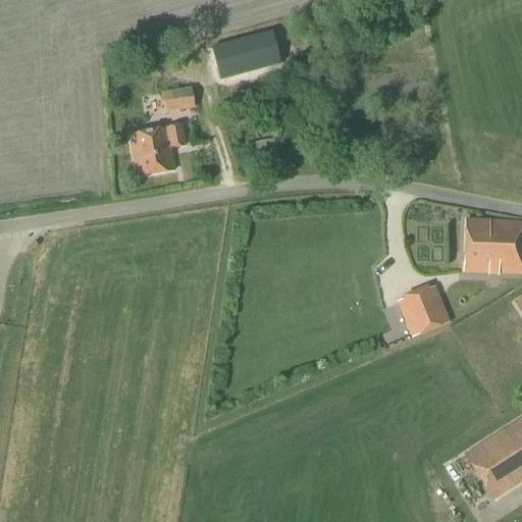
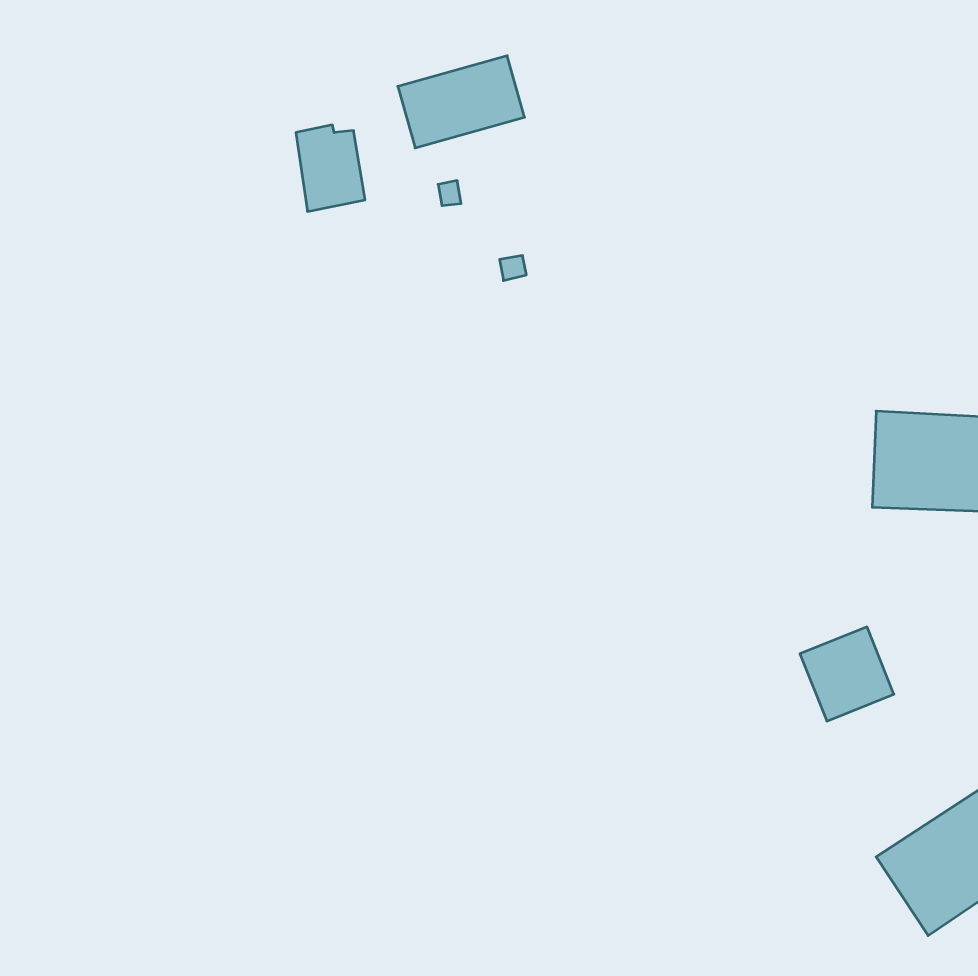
building: [130,123,188,172] -> none
building: [400,285,450,335] -> [800,627,894,721]

